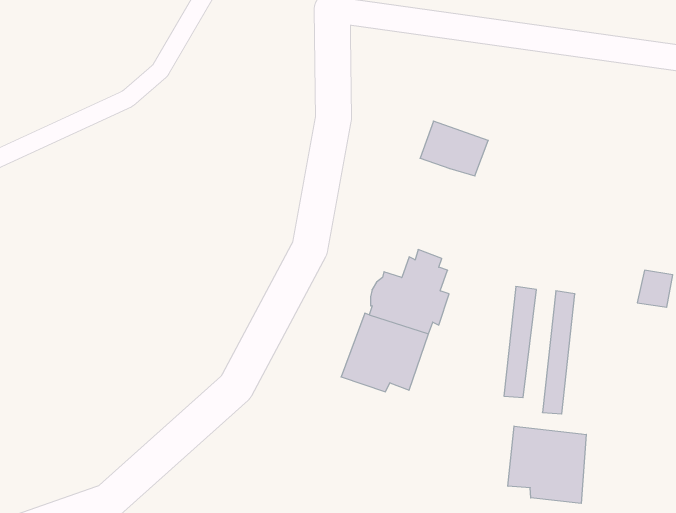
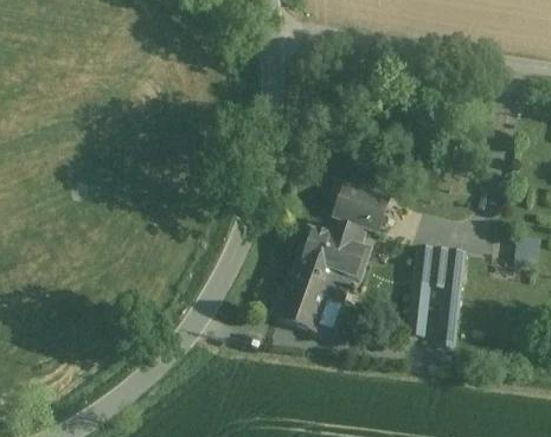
building: [420,121,488,176] -> [334,184,389,227]
building: [508,426,586,503] -> none

